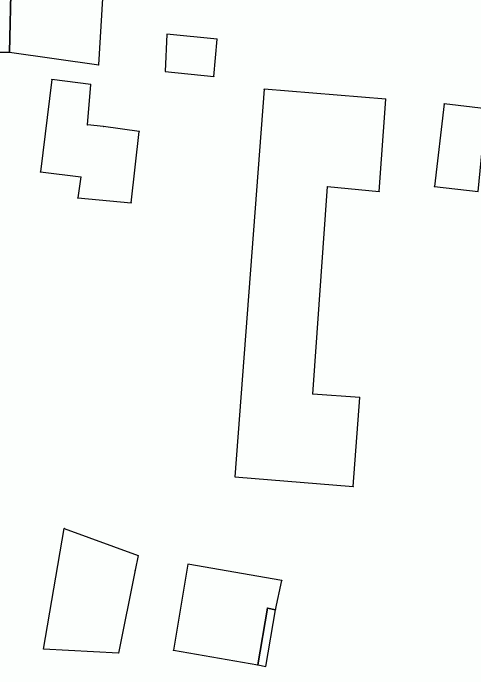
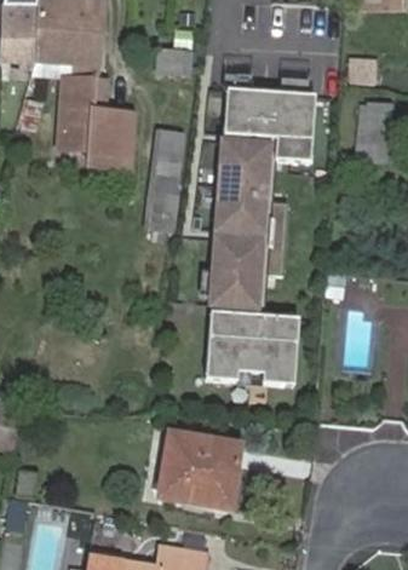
building: none -> [144,127,182,230]
building: [44,528,138,653] -> none

